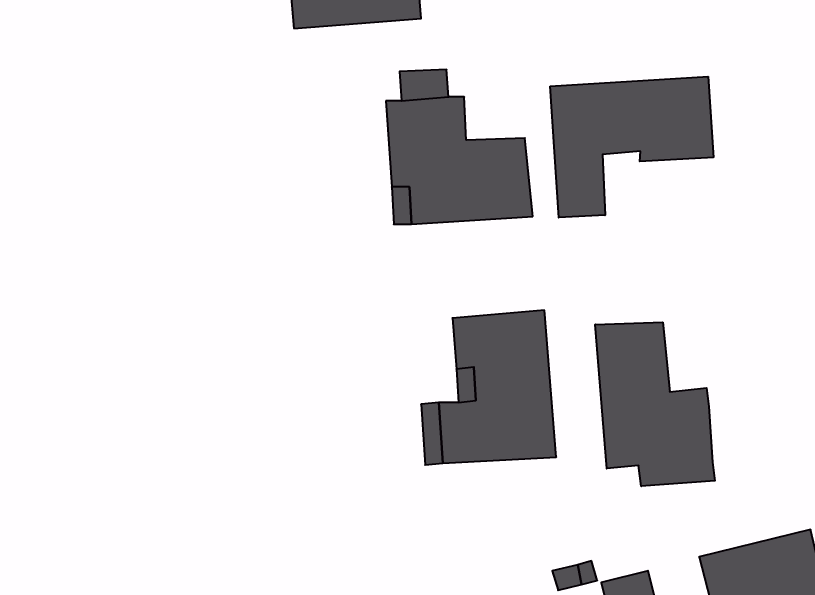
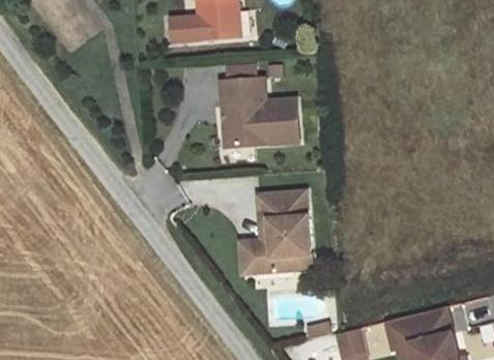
building: [550,77,713,218] -> none
building: [595,322,715,486] -> none

